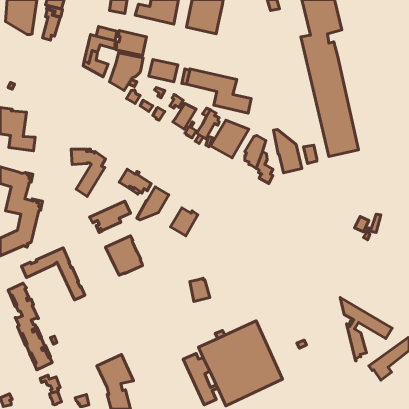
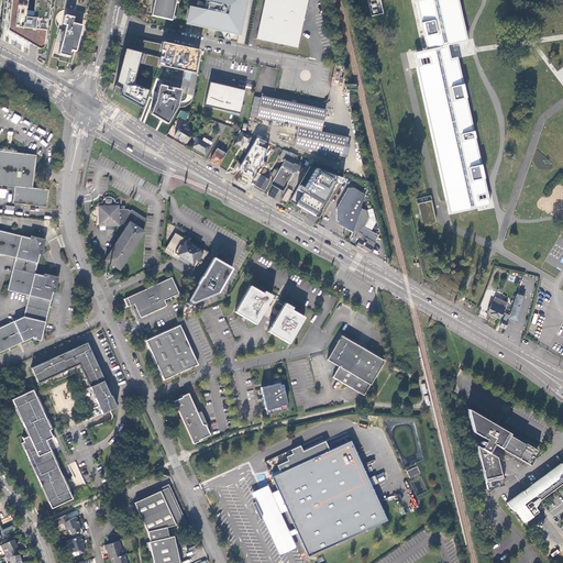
building: [273,130,302,173] -> none
building: none -> [267,301,303,342]
building: none -> [327,334,384,395]
building: none -> [174,391,209,442]

